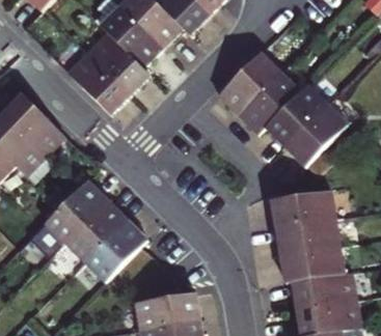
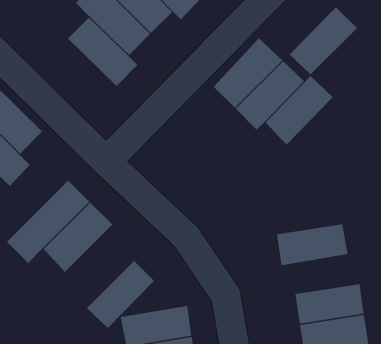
building: [65,51,131,115] -> none
building: [284,104,347,166] -> [289,6,358,75]
building: [270,189,335,227] -> none
building: [84,219,146,281] -> [86,260,155,329]
building: [279,246,345,282] -> none

